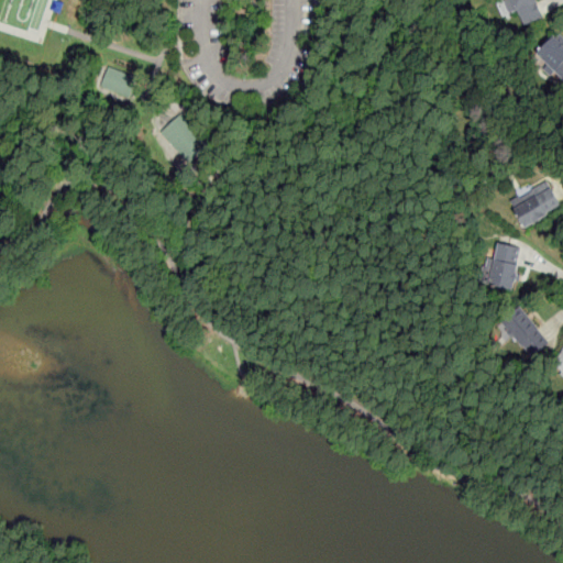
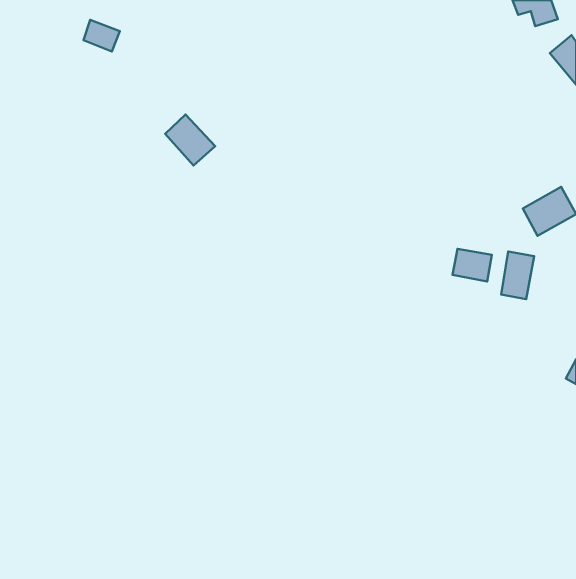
building: [101,64,136,95] -> [84,20,120,51]
building: none -> [452,249,492,282]
building: [498,306,549,356] -> none

